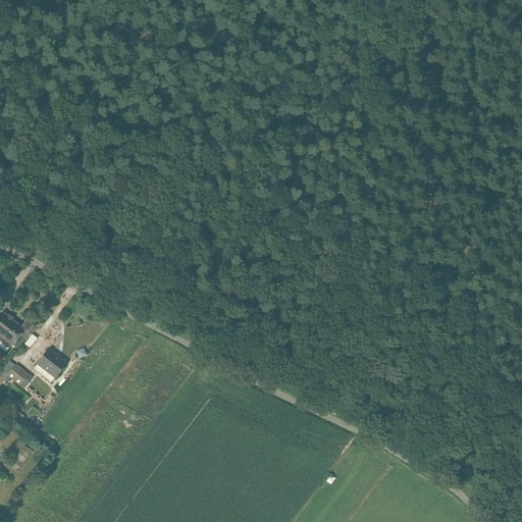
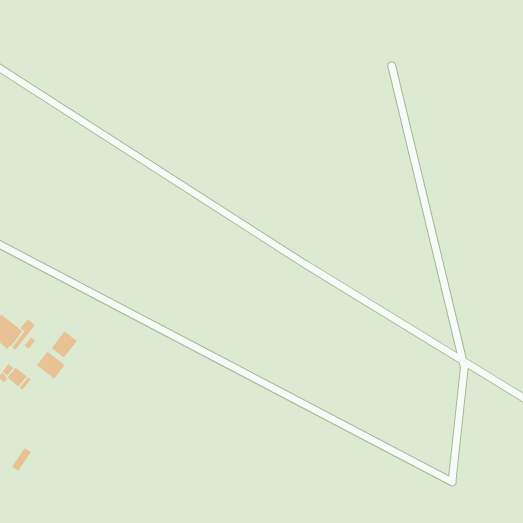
building: none -> [51,330,78,359]

